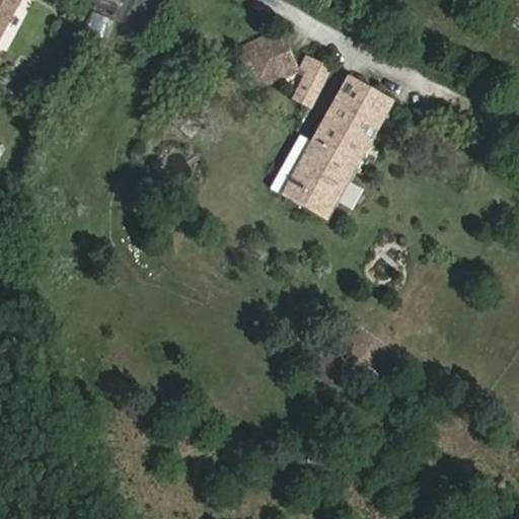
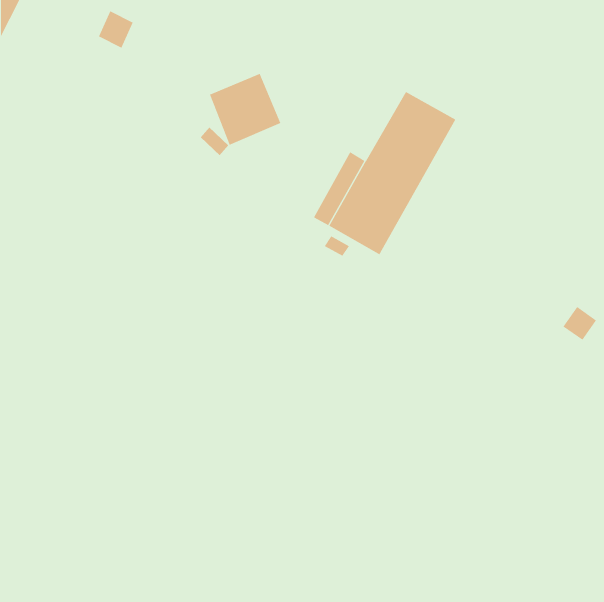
building: [237,28,299,90] -> [209,73,281,145]
building: [294,57,330,106] -> none

